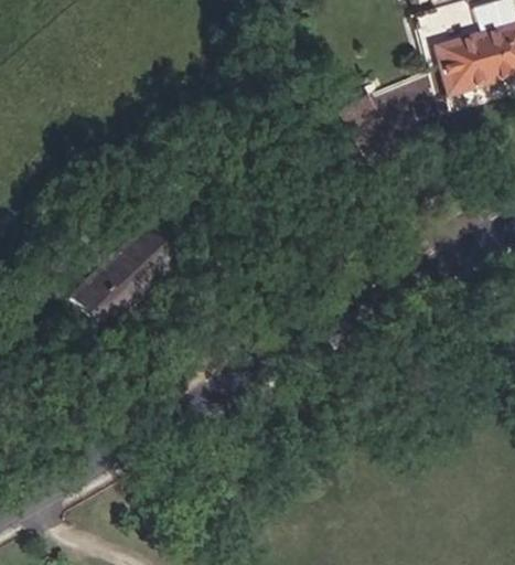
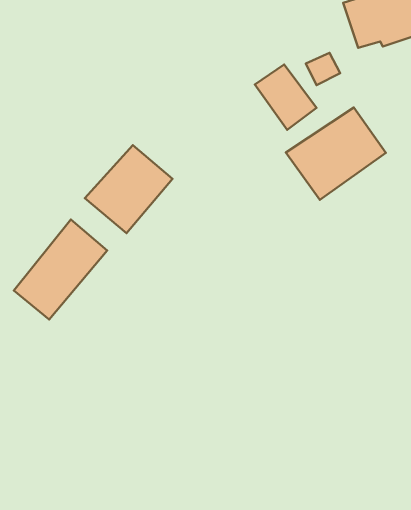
building: none -> [286,107,386,200]
building: none -> [85,145,172,233]

